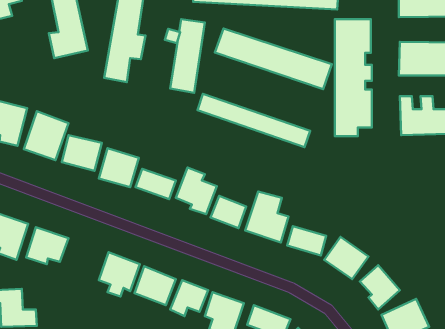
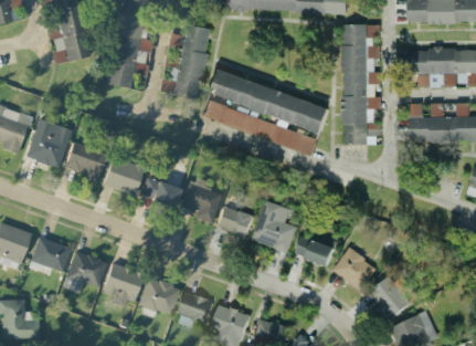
building: [215,29,332,89] -> [210,70,329,132]
building: none -> [65,252,106,287]

